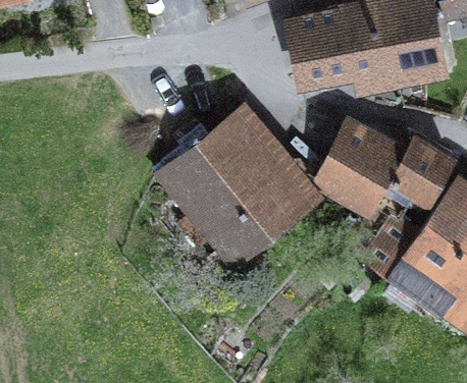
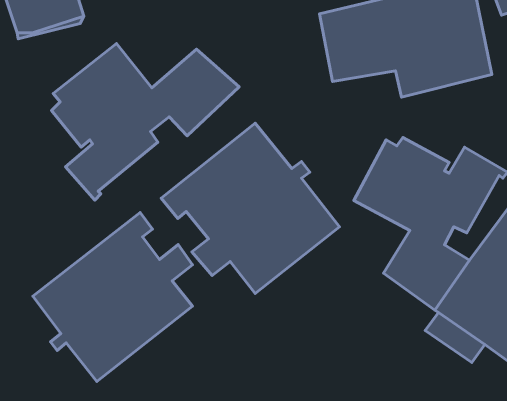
building: none -> [52,44,239,200]
building: none -> [33,213,193,381]

